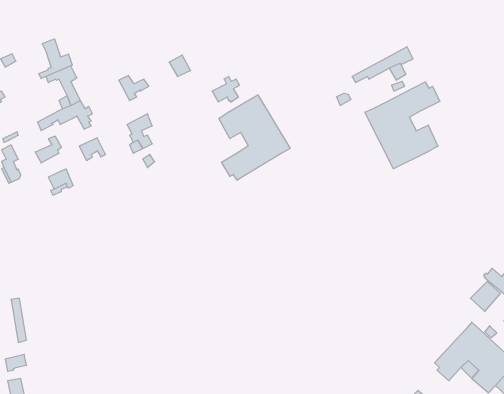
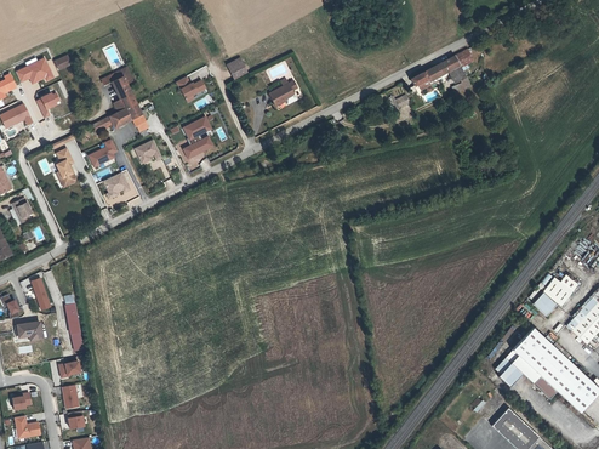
building: [39,39,72,79] -> none
building: [365,82,440,169] -> none
building: [219,95,290,180] -> none

